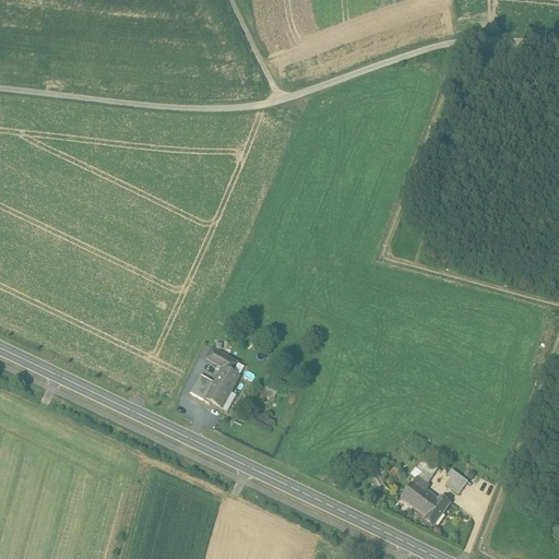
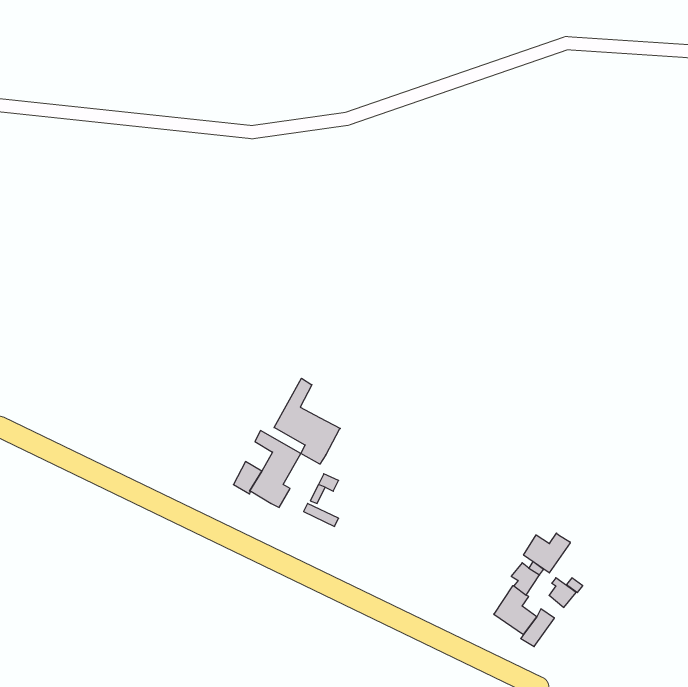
building: none -> [274,378,340,464]
building: none -> [524,533,570,573]

